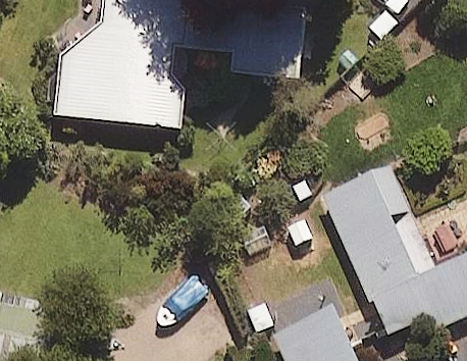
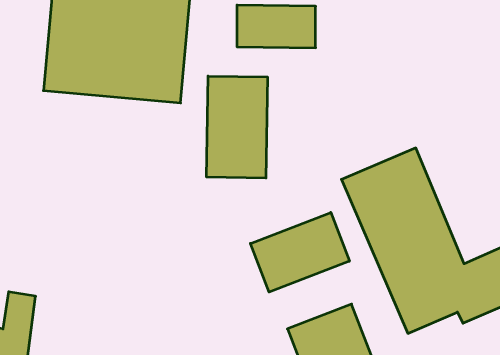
building: none -> [207,76,267,178]
building: none -> [250,212,349,292]

